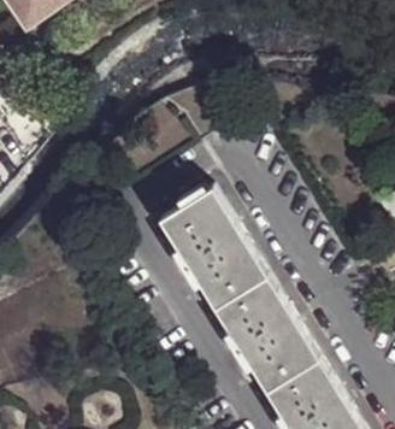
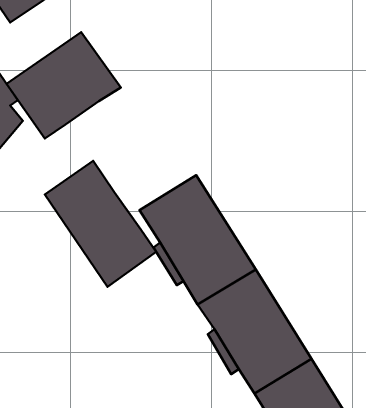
building: none -> [6,32,121,139]
building: none -> [45,161,156,287]

